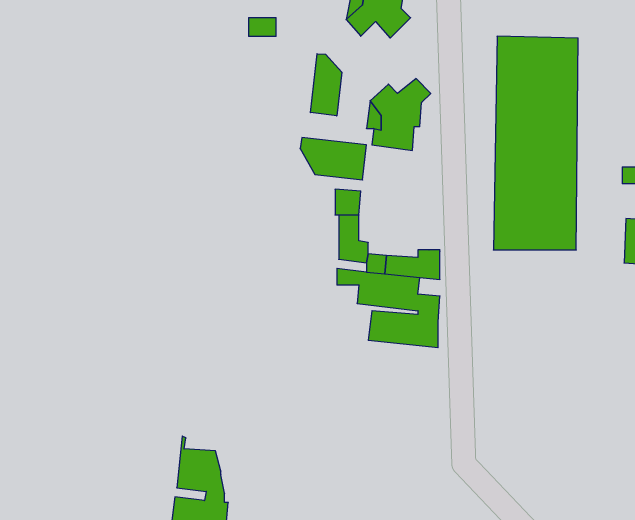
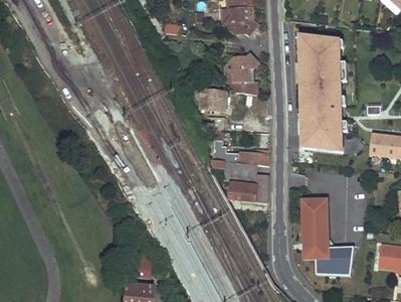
building: [310,54,342,116] -> none
building: none -> [305,200,351,276]

